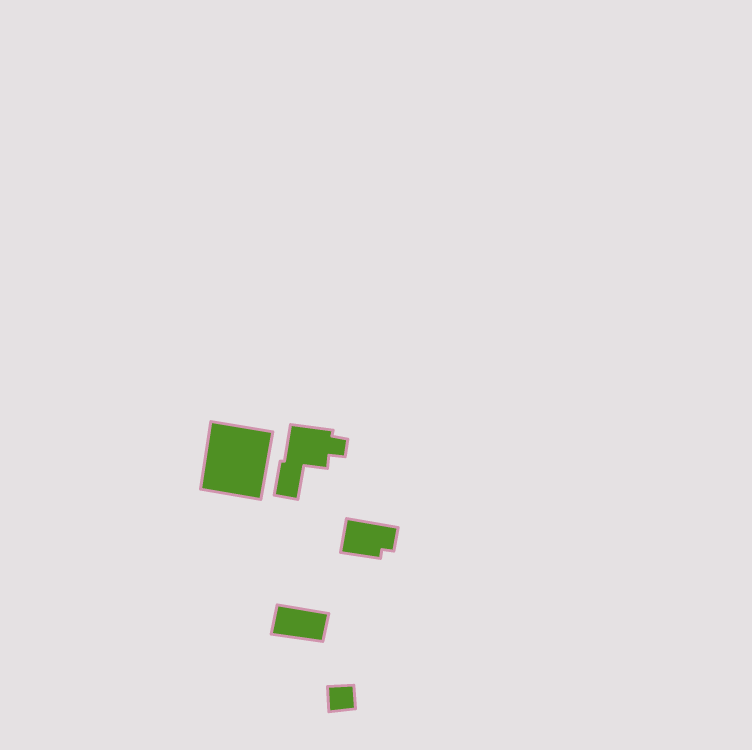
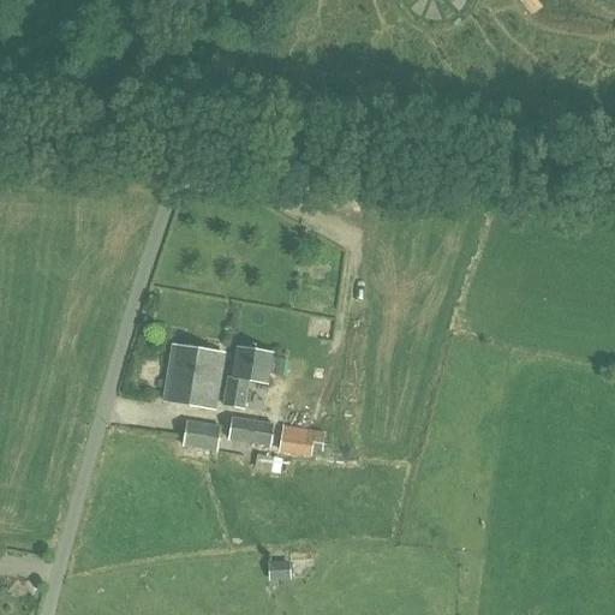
building: none -> [183,418,221,450]
building: [271,605,329,642] -> [227,416,274,446]

